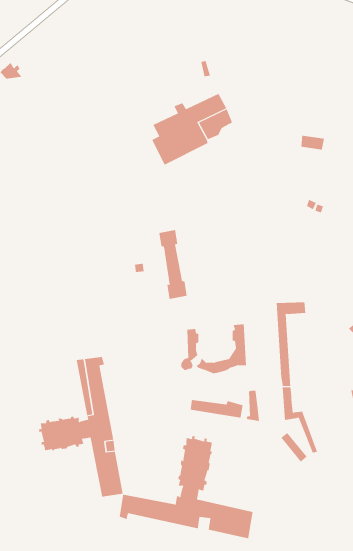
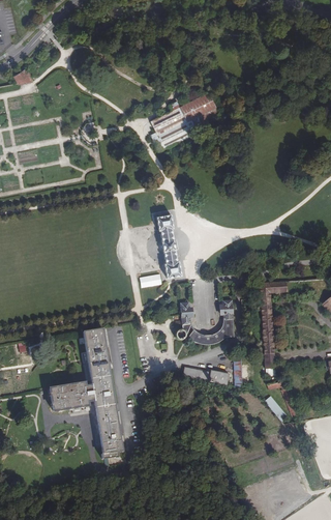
building: [119,435,253,539] -> none

